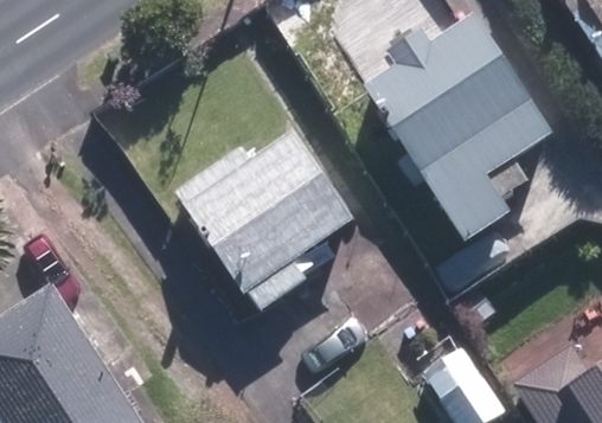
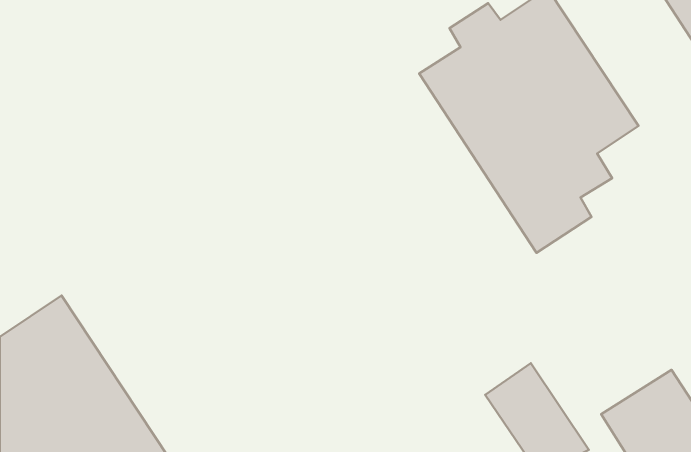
building: [184,129,354,312] -> none

